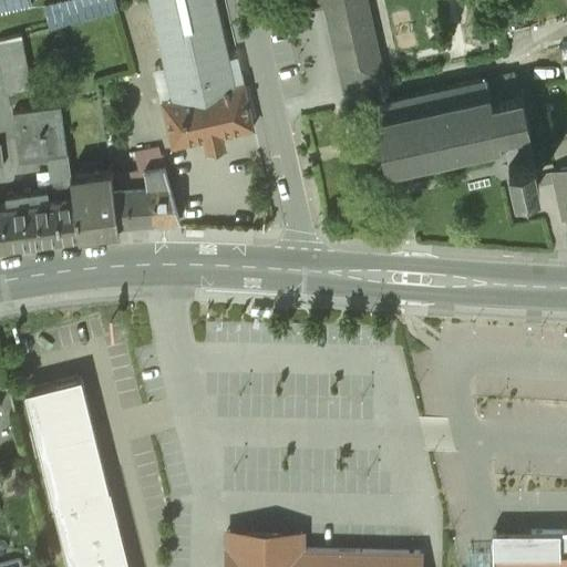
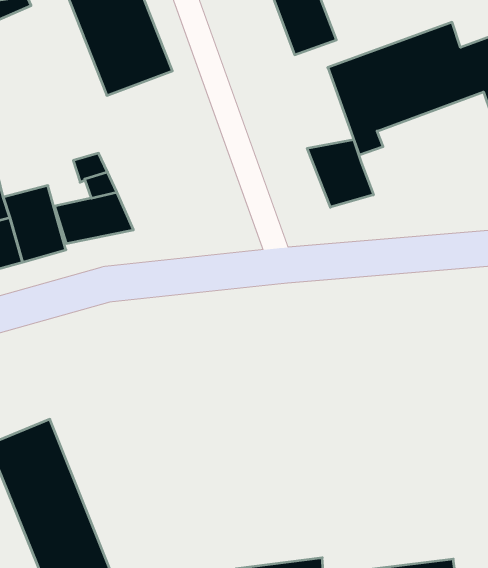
building: [162,86,254,151] -> none
building: none -> [307,140,373,207]

